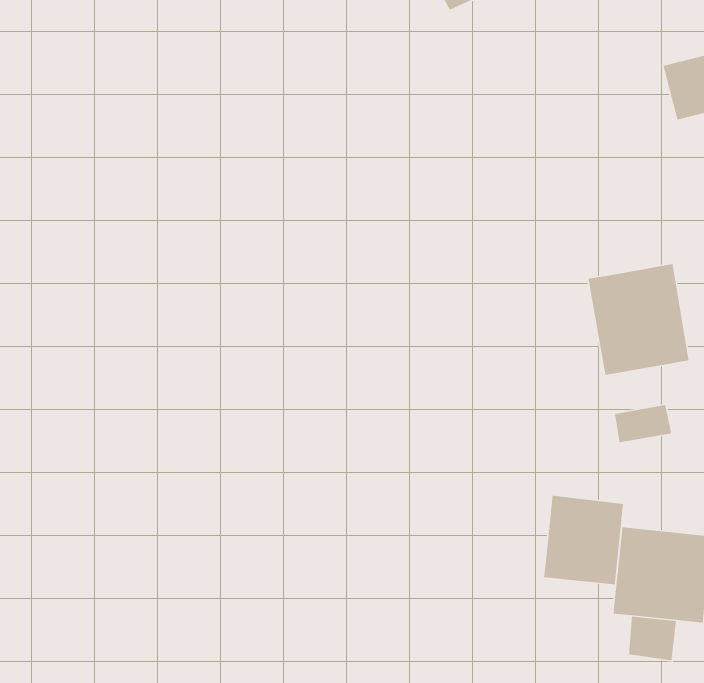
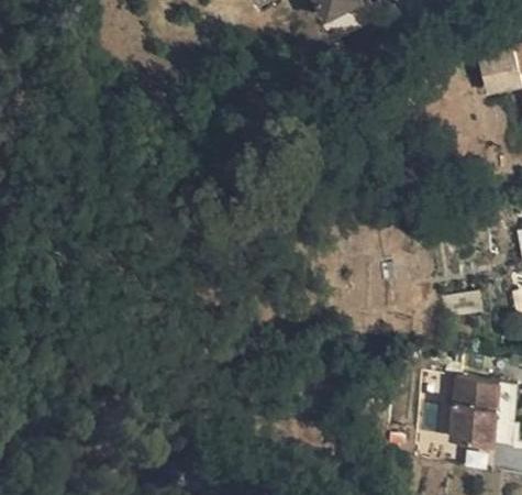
building: [587,263,689,376] -> none
building: [543,495,624,585] -> none

